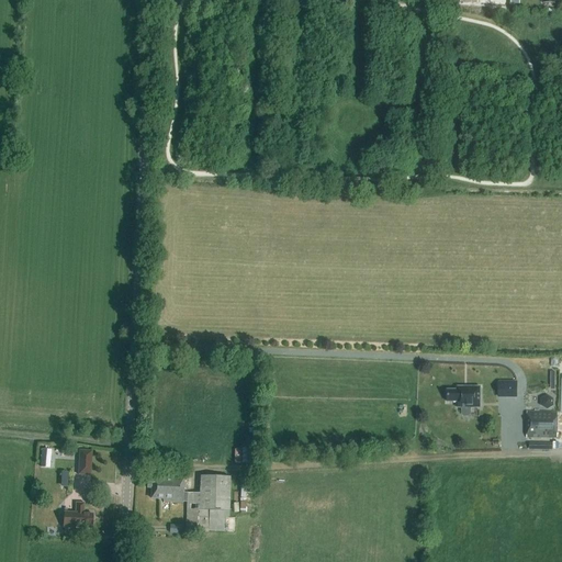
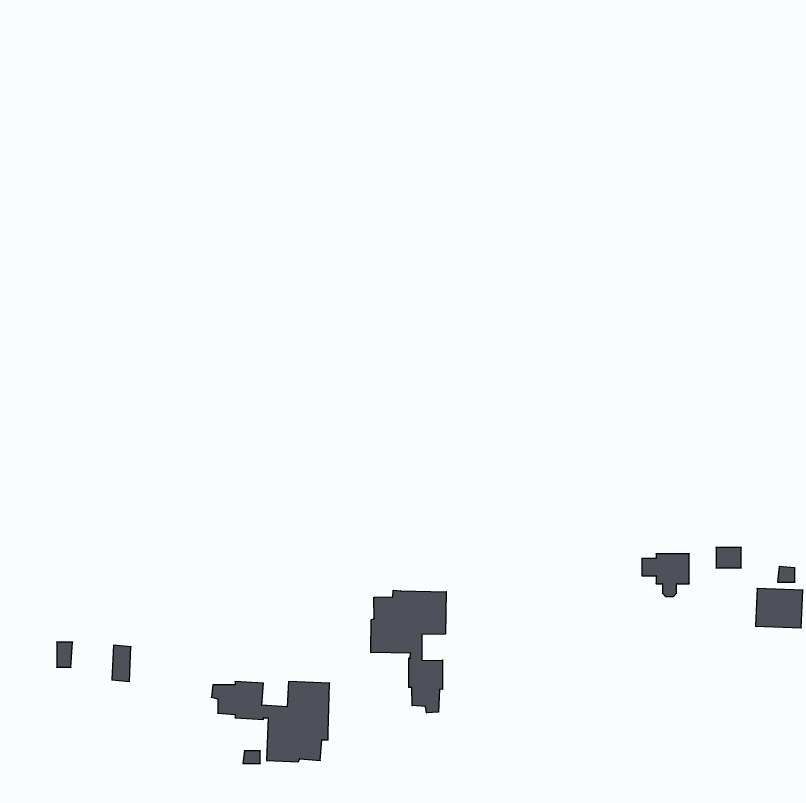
building: none -> [371,590,446,713]
building: [64,502,92,527] -> none

